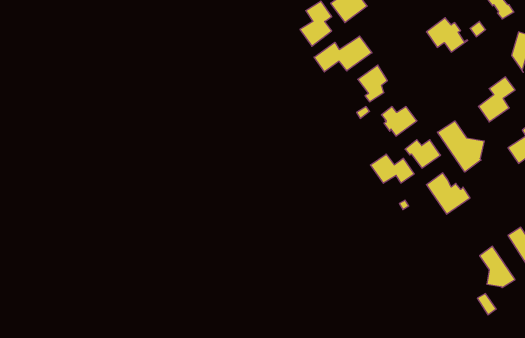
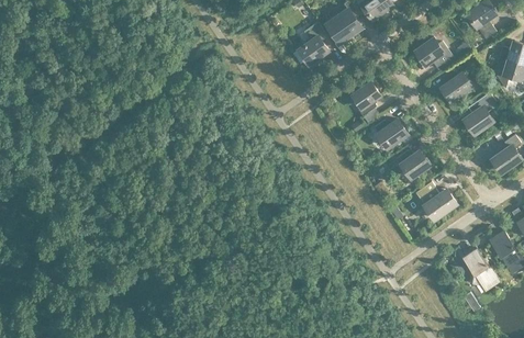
building: [314,36,372,72] -> none
building: none -> [441,69,471,102]
building: [437,121,484,172] -> none
building: [370,154,414,183] -> none

